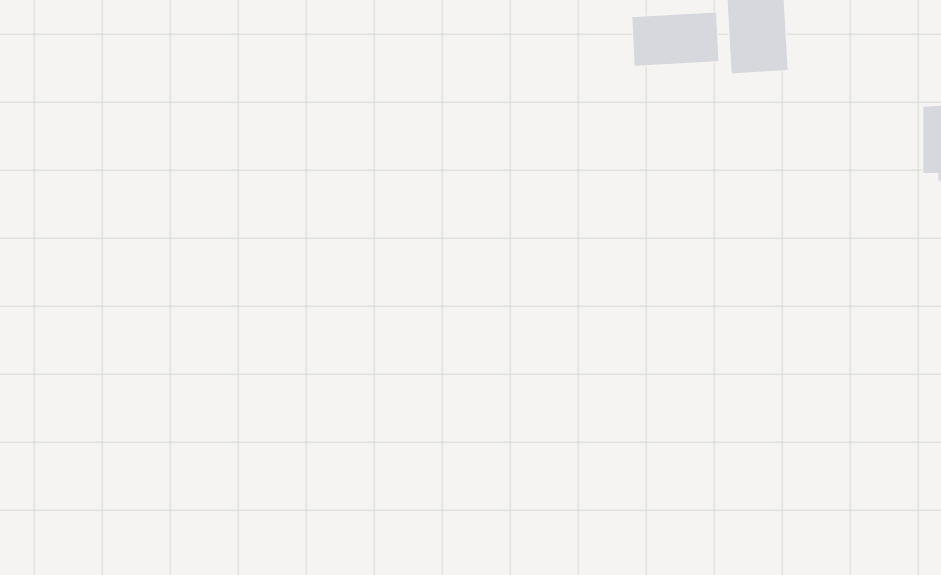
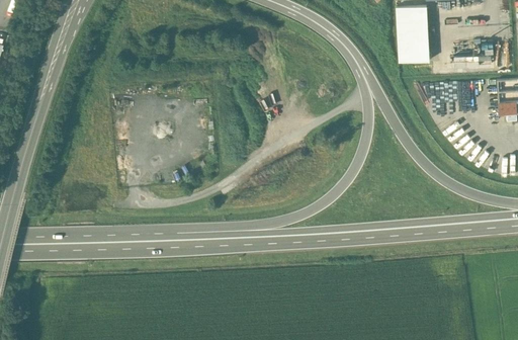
building: [632,12,719,67] -> none

